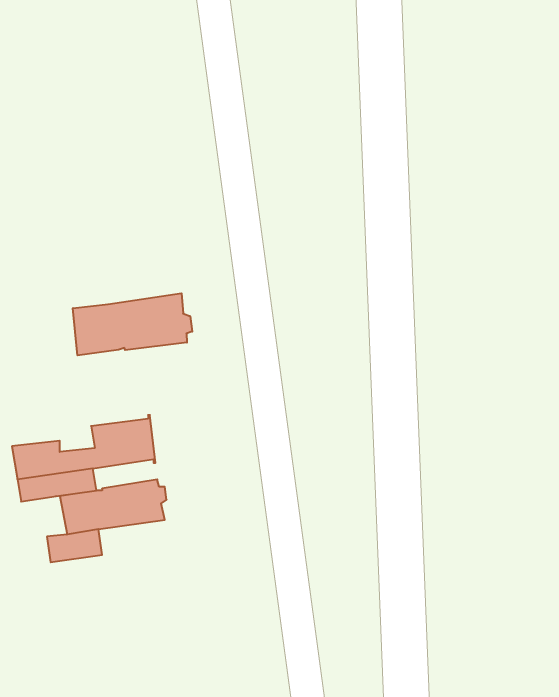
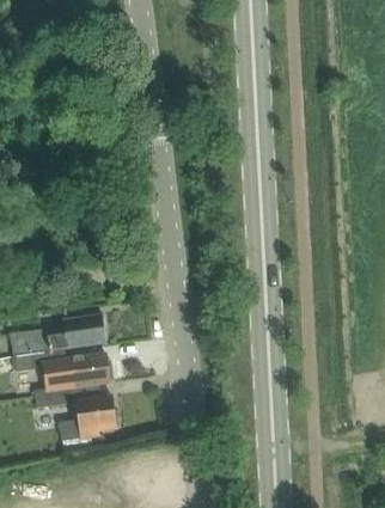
building: [73,293,192,355] -> none
building: none -> [59,396,114,437]

